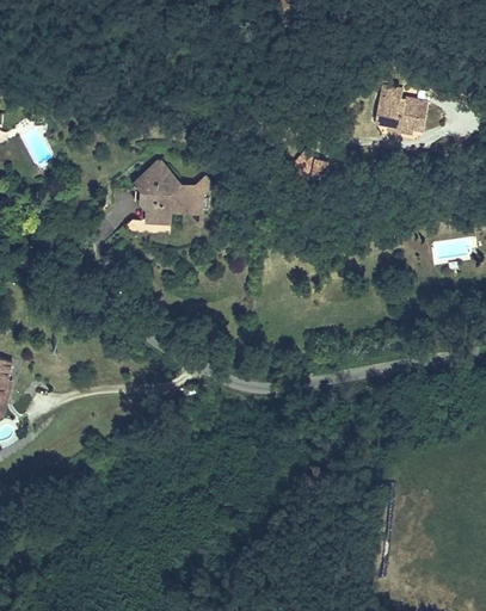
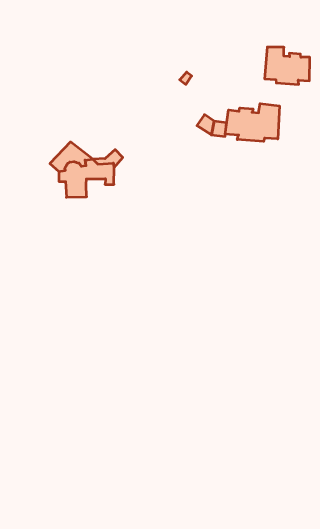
building: none -> [225,104,279,141]

